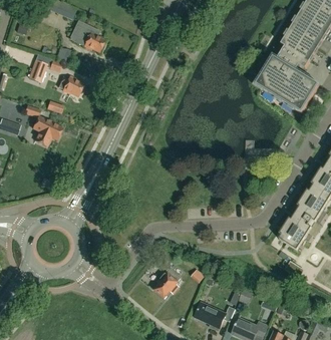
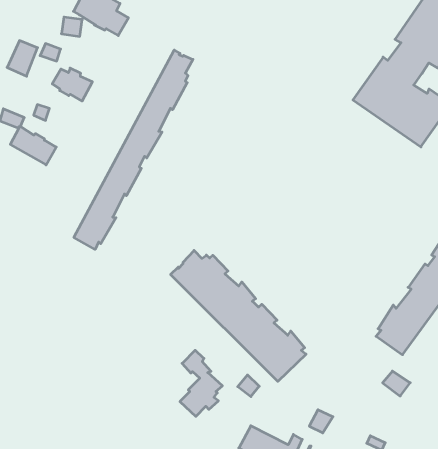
building: none -> [74,50,193,249]
building: none -> [171,250,306,381]

